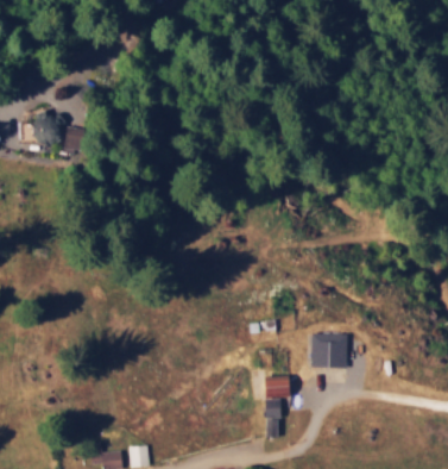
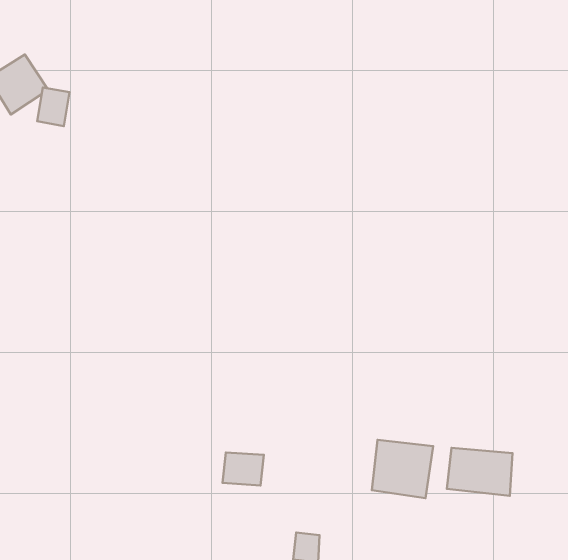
building: none -> [447,448,513,496]
building: [265,377,290,399] -> [223,452,264,485]

